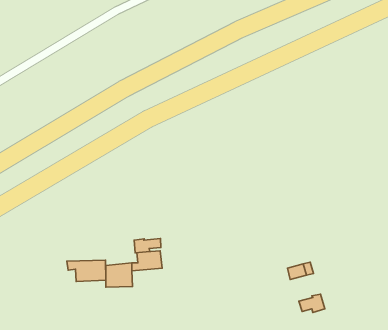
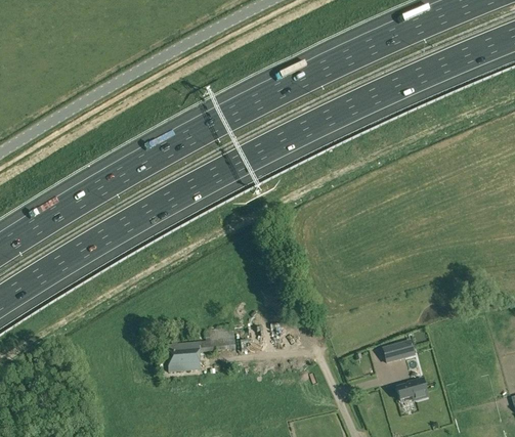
building: [134,238,161,253] -> none
building: [67,260,106,281] -> none

